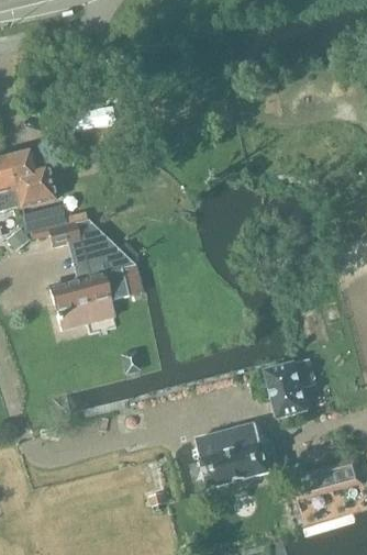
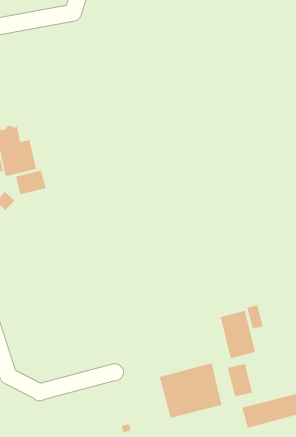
building: [46,219,133,330] -> none
building: none -> [227,363,253,397]

